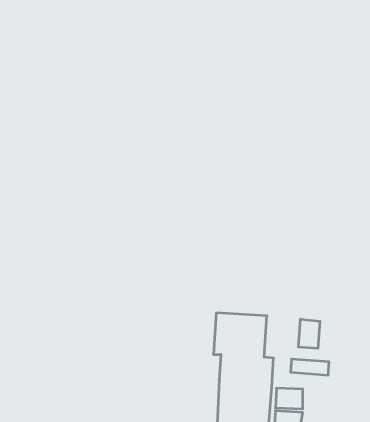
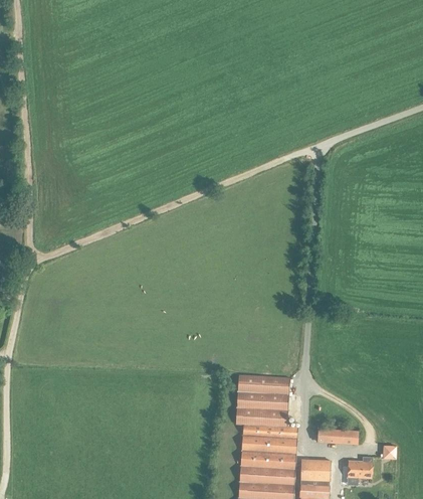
building: [298,319,320,348] -> none
building: none -> [347,457,373,480]

